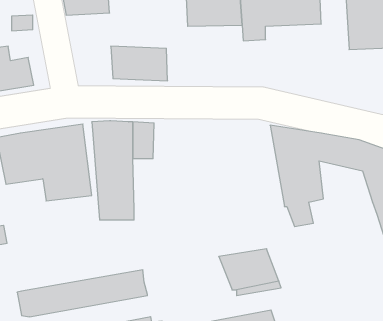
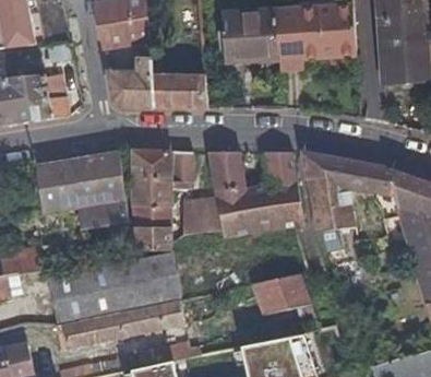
building: none -> [107,61,148,107]
building: none -> [181,151,302,232]
building: none -> [49,250,178,316]

